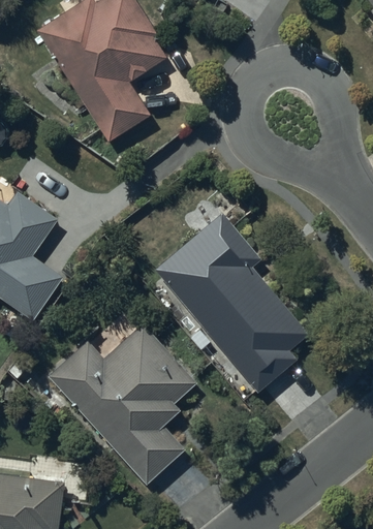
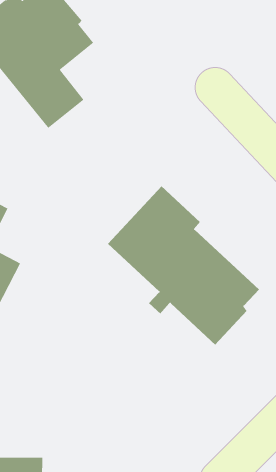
building: [51,324,196,479] -> none

